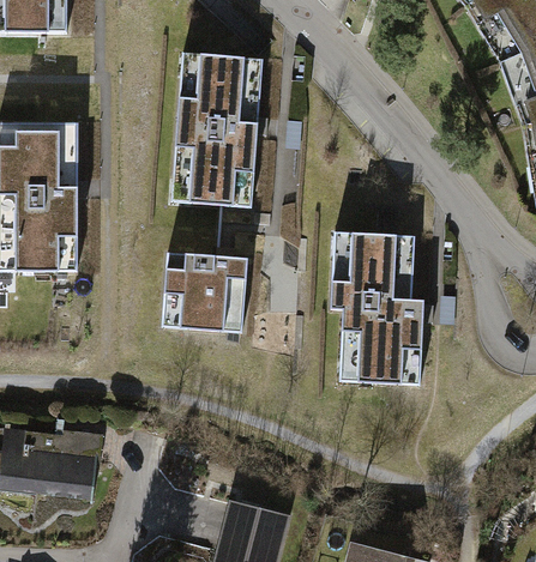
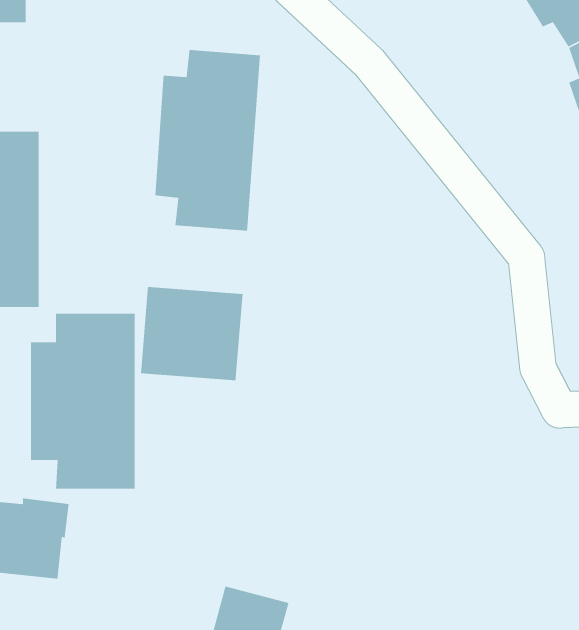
building: [330,234,423,385] -> none
building: none -> [30,313,135,489]

